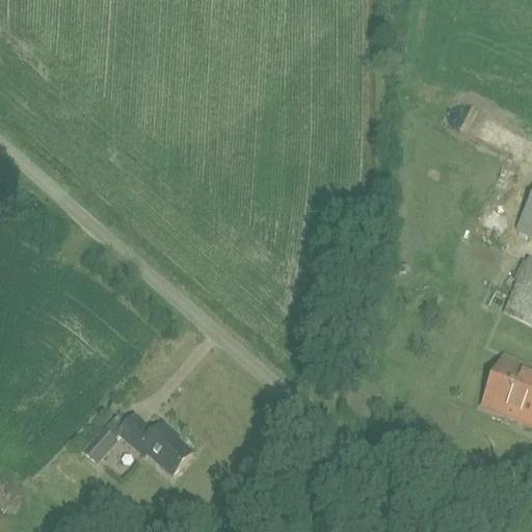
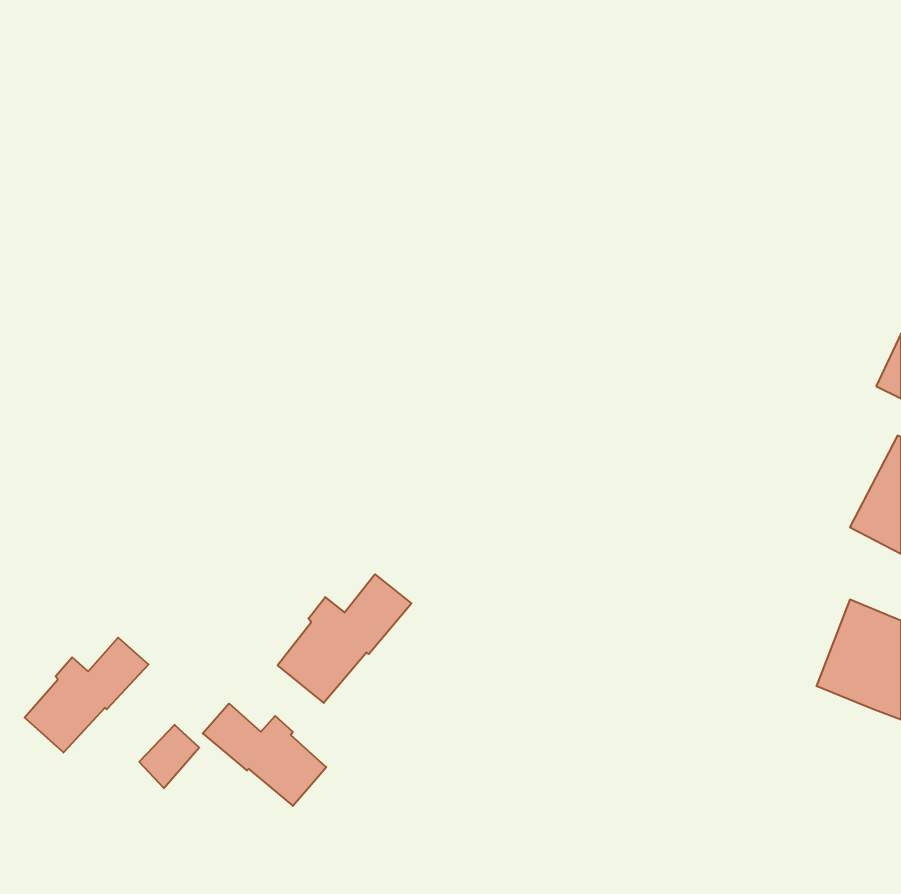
building: none -> [278,574,411,703]
building: none -> [25,638,149,753]

